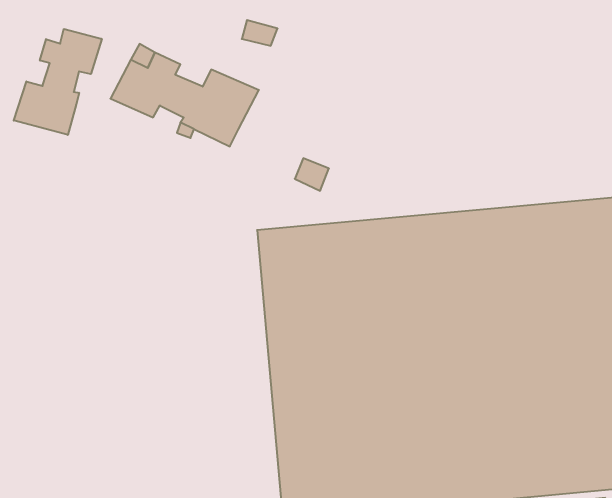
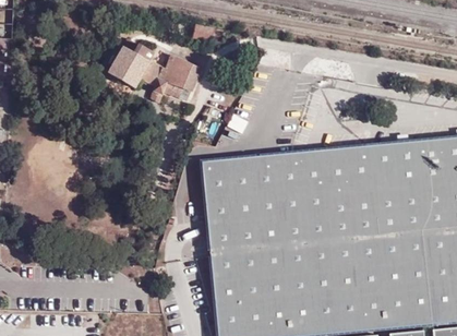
building: [14,29,102,135] -> none

